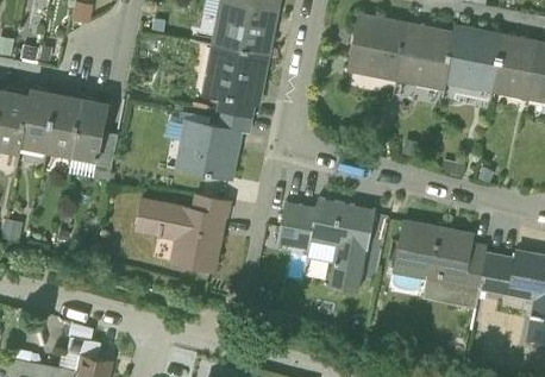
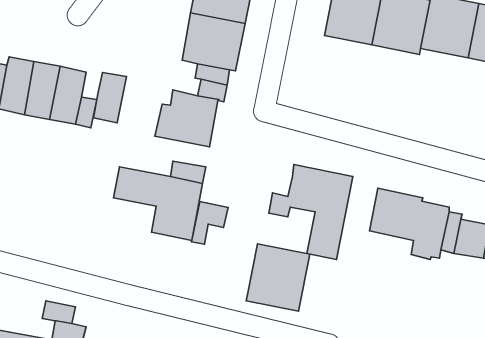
building: none -> [93,72,127,123]
building: [278,203,315,246] -> [191,202,228,244]
building: none -> [246,244,310,311]

